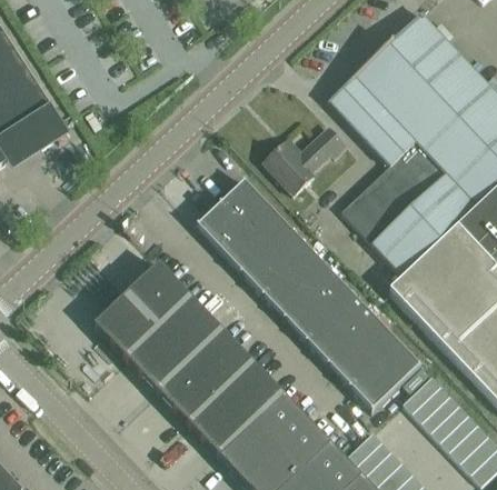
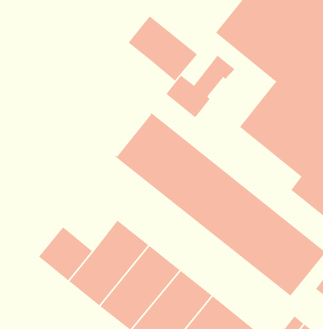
building: none -> [128,16,198,82]
building: [128,263,190,327] -> none

